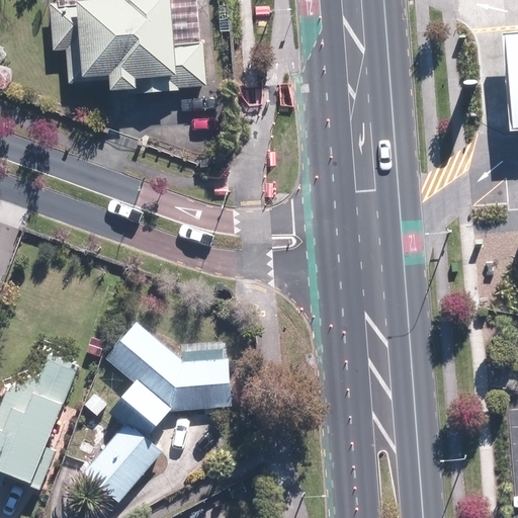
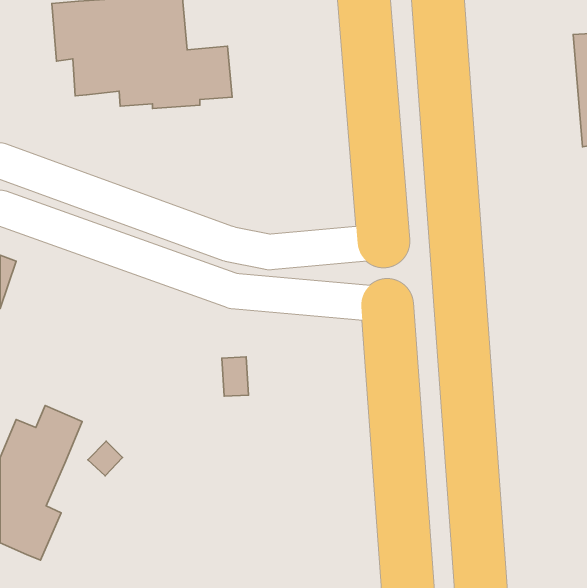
building: [106,321,232,429] -> none
building: [81,421,160,503] -> none

